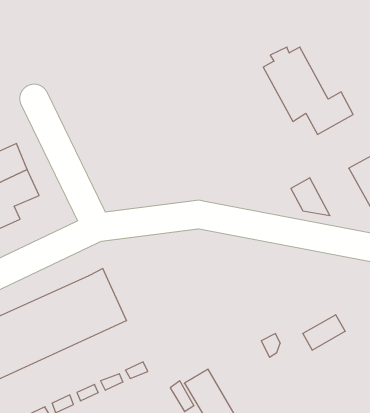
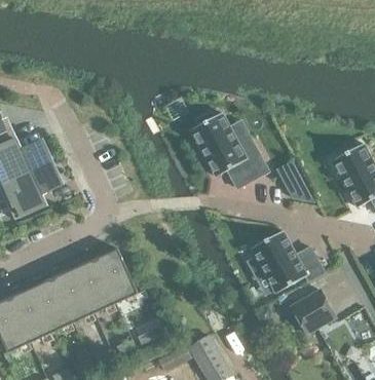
building: [263,47,353,134] -> [190,112,268,188]
building: none -> [248,230,324,293]
building: none -> [300,302,337,333]

